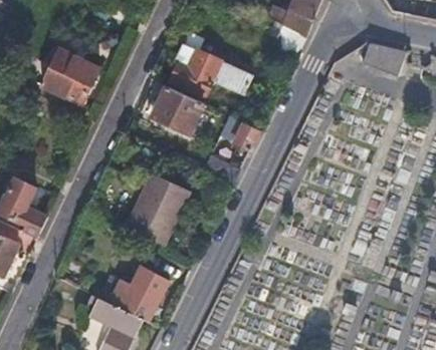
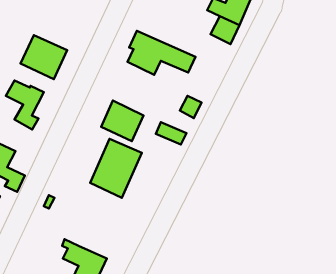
building: [362,43,404,75] -> none
building: [153,85,204,134] -> [101,100,143,141]
building: none -> [6,80,44,129]
building: [111,267,166,318] -> none

